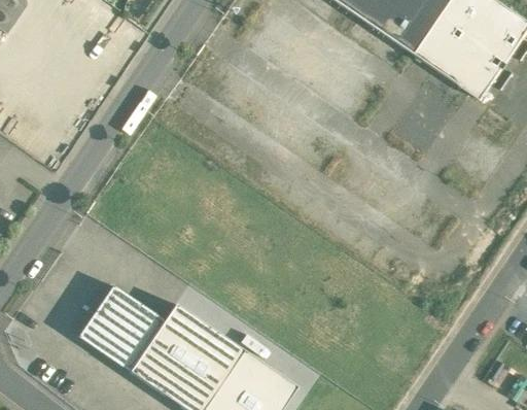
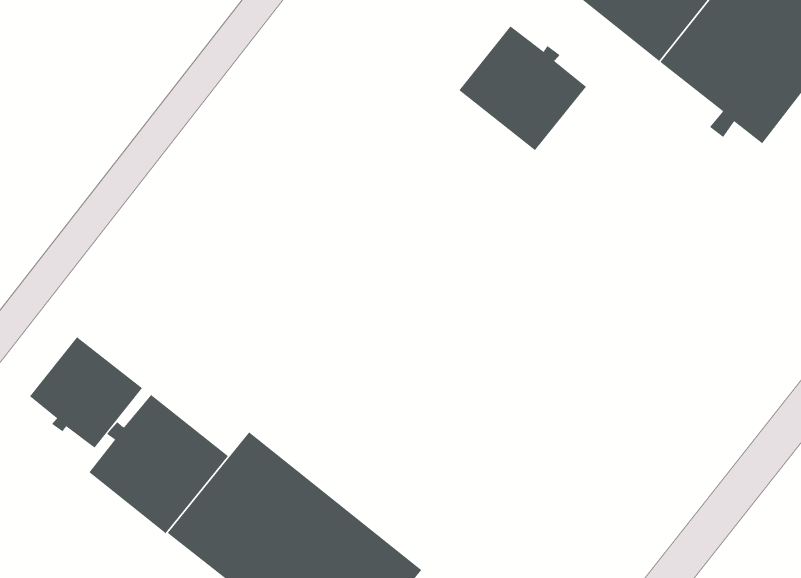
building: none -> [458,25,587,152]
building: none -> [29,336,143,449]

